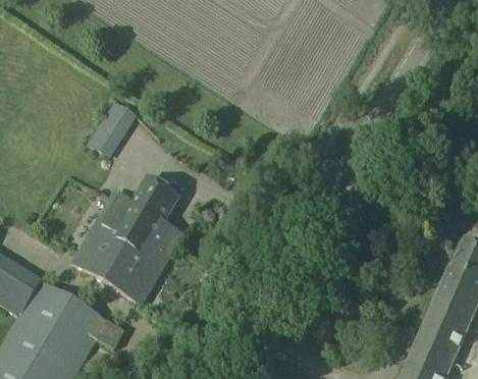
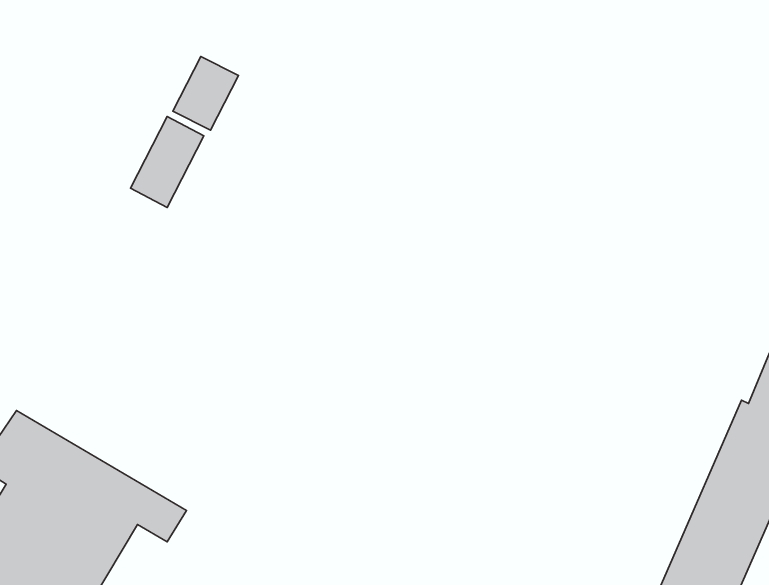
building: none -> [173,57,238,130]
building: [72,177,182,303] -> none

